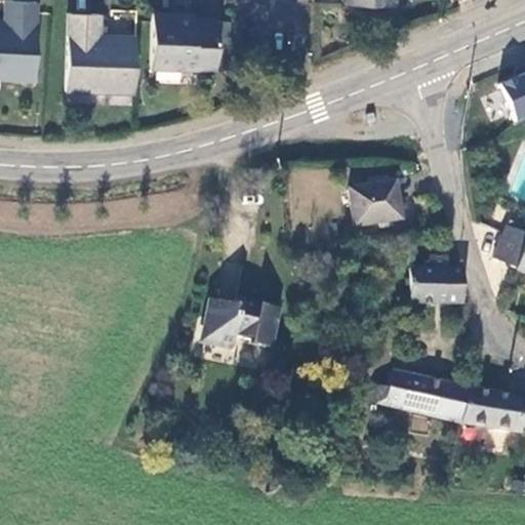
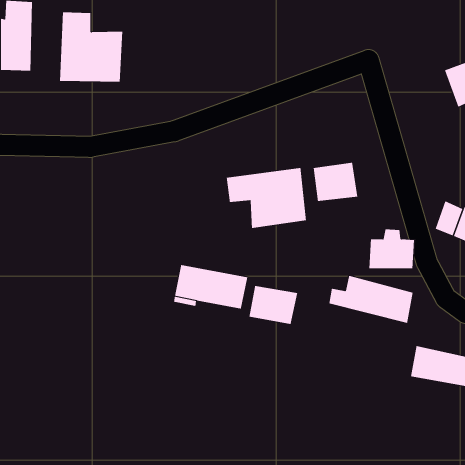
building: [155,12,221,70] -> none
building: none -> [226,167,306,229]
building: none -> [249,285,298,325]
building: [373,369,469,423] -> [329,275,413,324]

